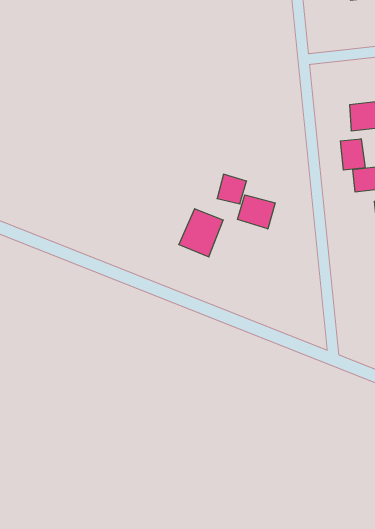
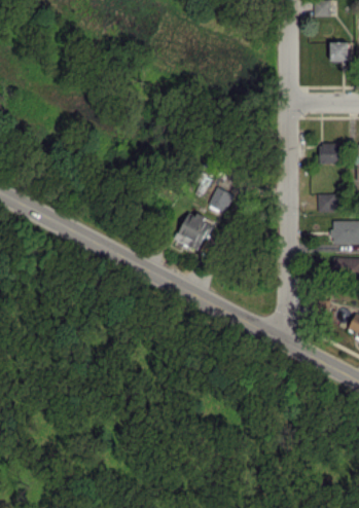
building: [340,139,365,170] -> none
building: [237,195,275,229] -> none

